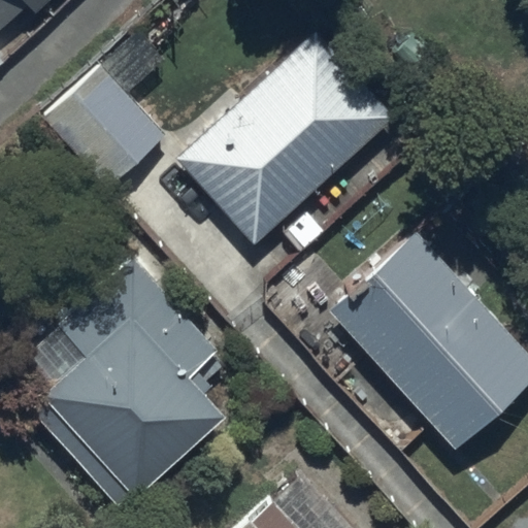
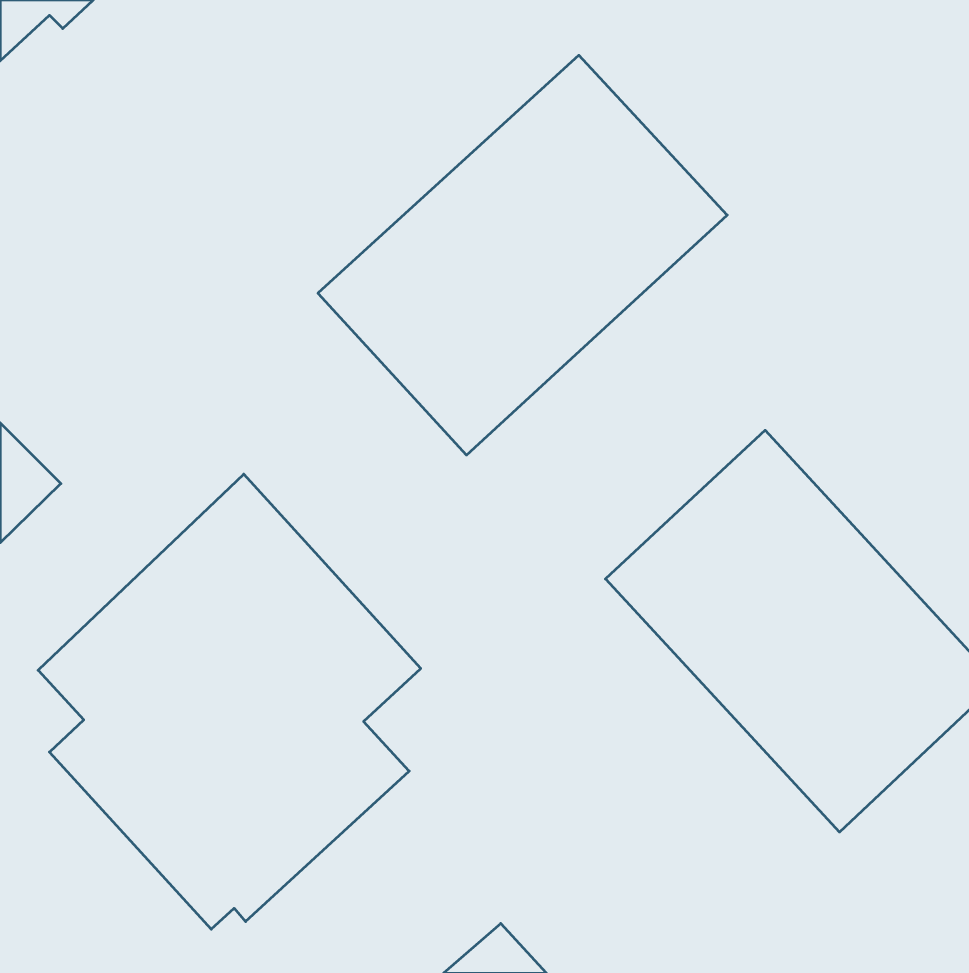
building: [41,64,168,192] -> none

